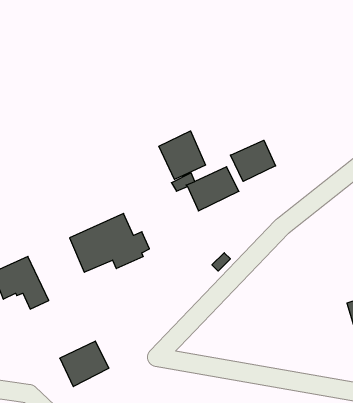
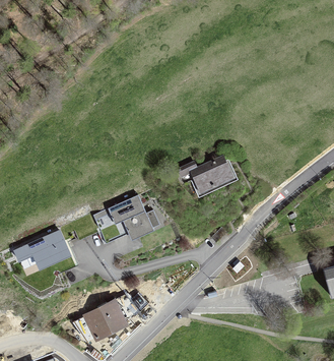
building: [159,131,206,179] -> none
building: [230,140,276,181] -> none

